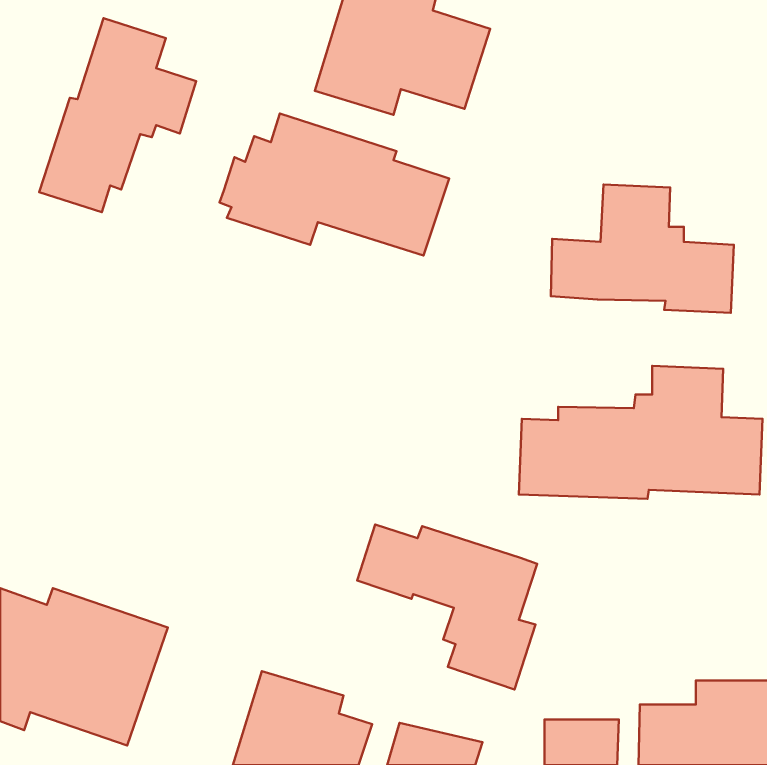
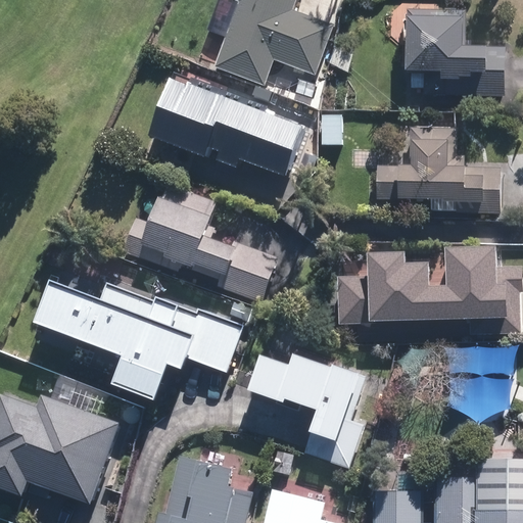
building: [39,18,196,212] -> none
building: none -> [401,17,505,95]
building: none -> [126,182,280,299]
building: none -> [31,281,242,400]

